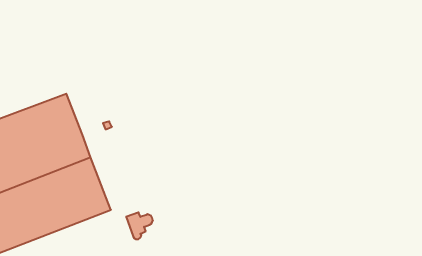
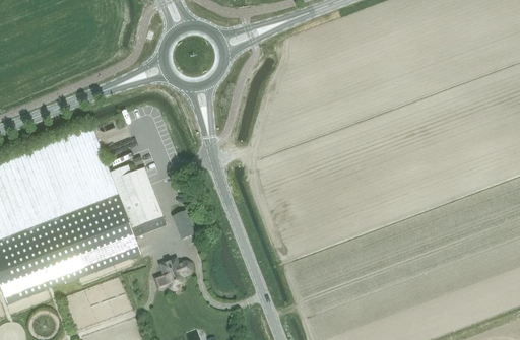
building: none -> [110,164,166,236]
building: none -> [172,211,194,240]

